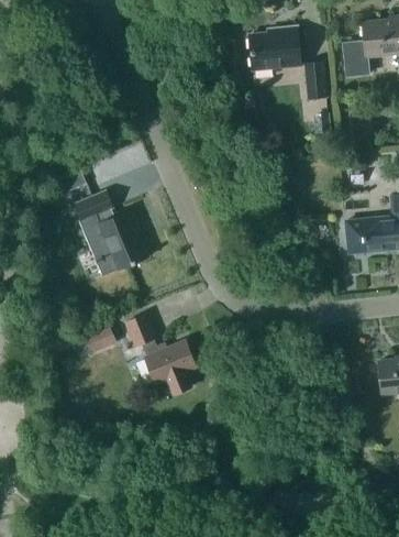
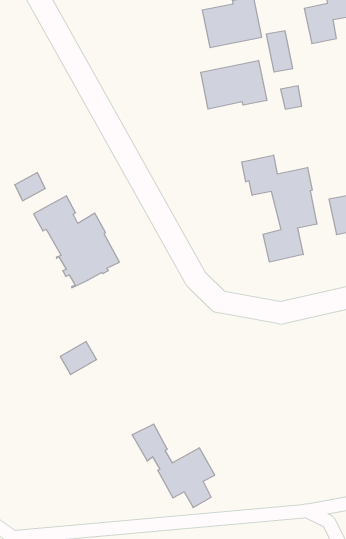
building: none -> [201,60,267,109]
building: none -> [242,155,317,262]
building: [124,314,196,394] -> [132,424,215,508]

